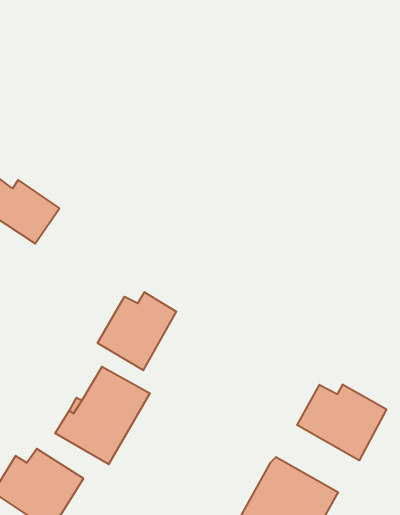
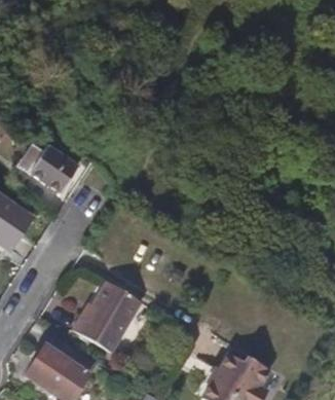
building: [98,292,176,370] -> none
building: [297,384,386,460] -> none

